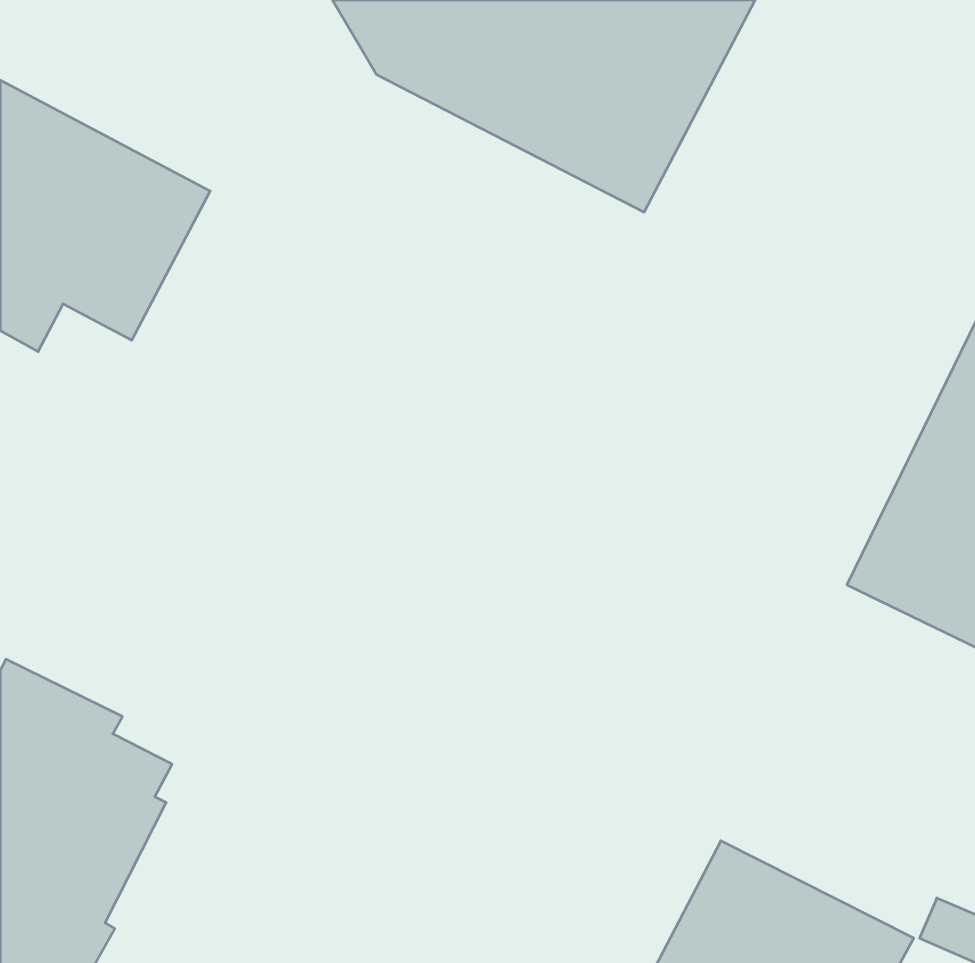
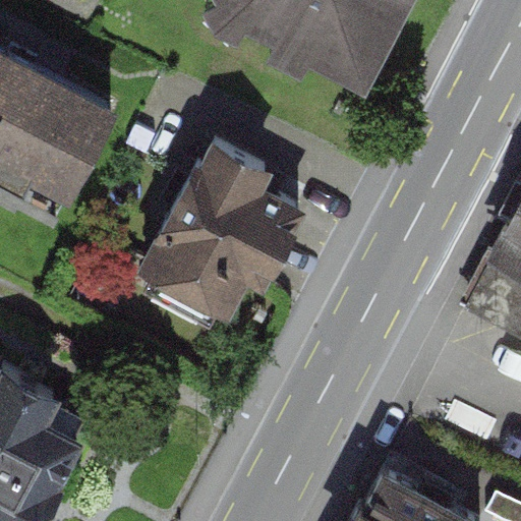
building: none -> [147,139,302,307]

